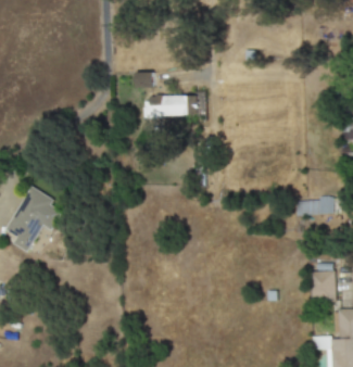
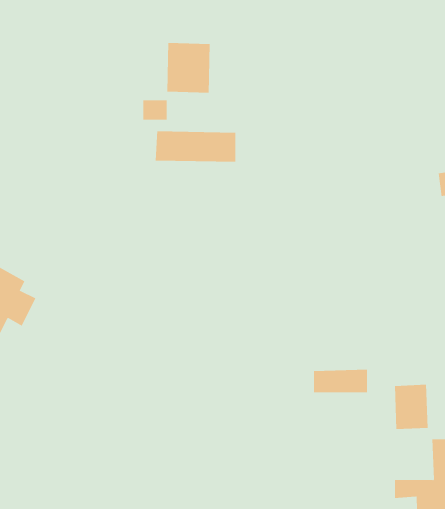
building: none -> [167,42,210,94]
building: [295,198,333,214] -> [313,369,368,393]

